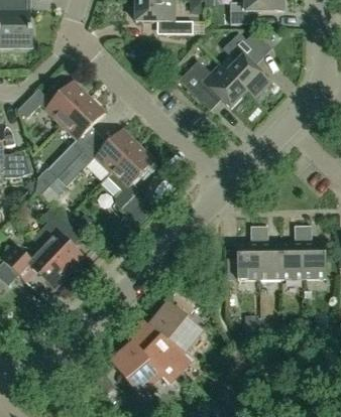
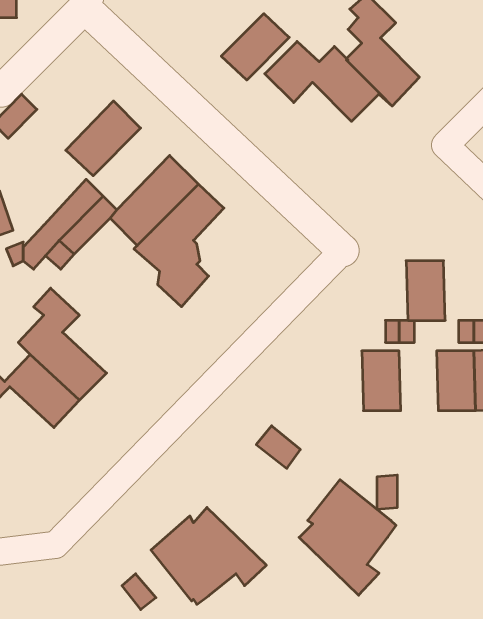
building: none -> [221,14,289,80]
building: [44,80,89,125] -> none
building: [258,244,281,279] -> [406,261,445,320]
building: [144,302,202,371] -> [299,480,396,595]

